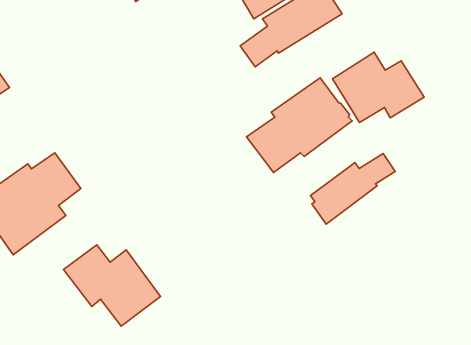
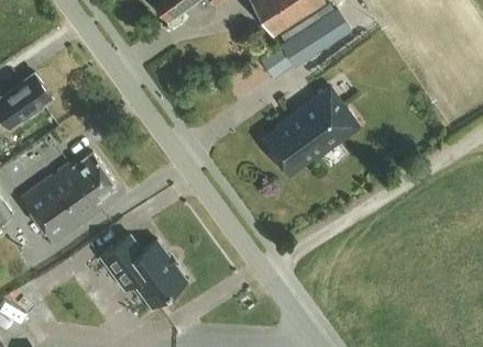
building: [332,52,424,122] -> none
building: [311,153,395,224] -> none

